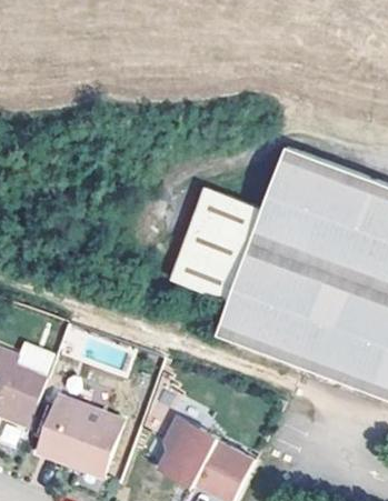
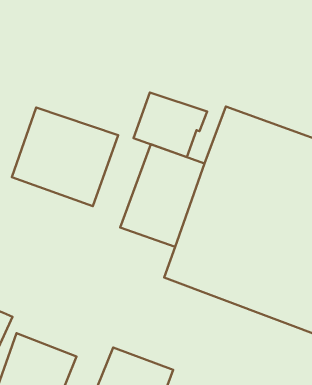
building: none -> [134,92,207,157]
building: none -> [12,107,118,206]

